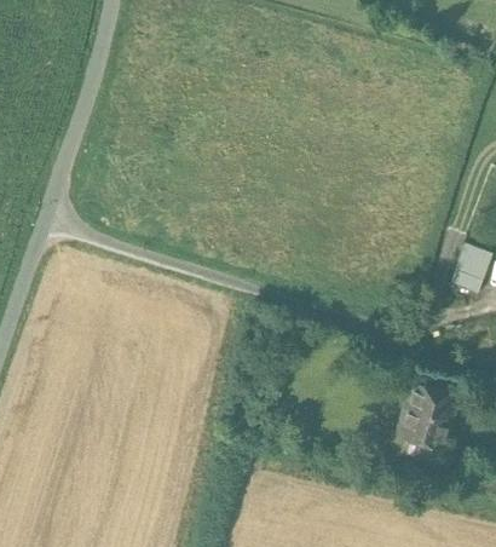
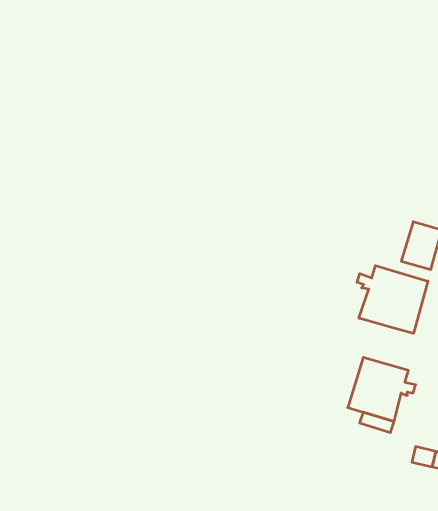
building: none -> [357,266,428,333]

